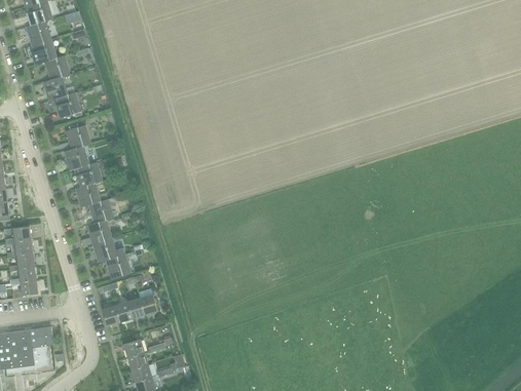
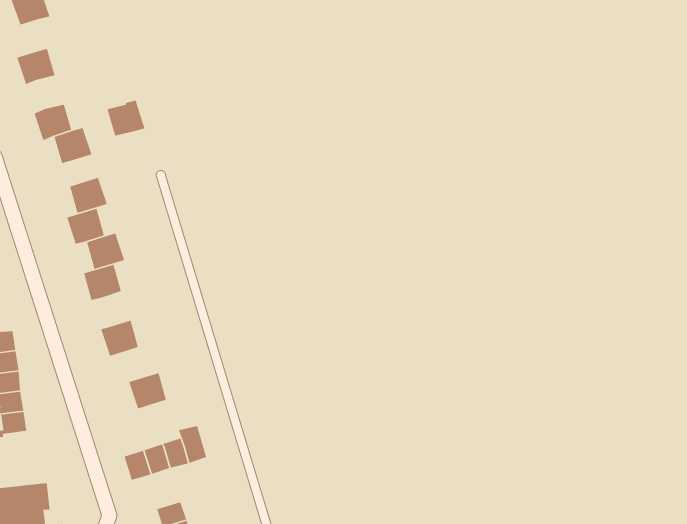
building: [26,22,51,46] -> none
building: [44,55,70,80] -> [107,99,145,137]
building: [88,199,114,224] -> none
building: [92,238,125,263] -> none

